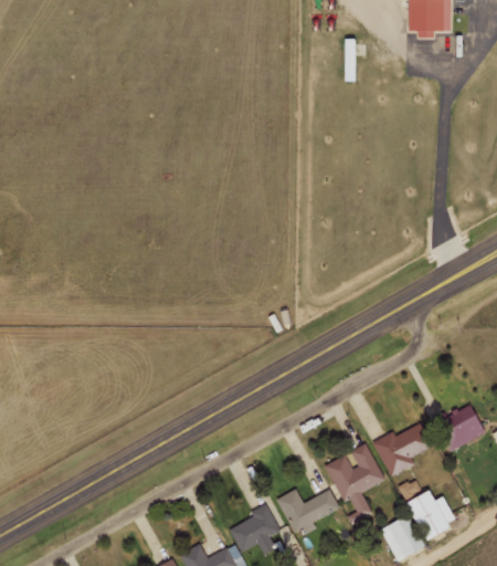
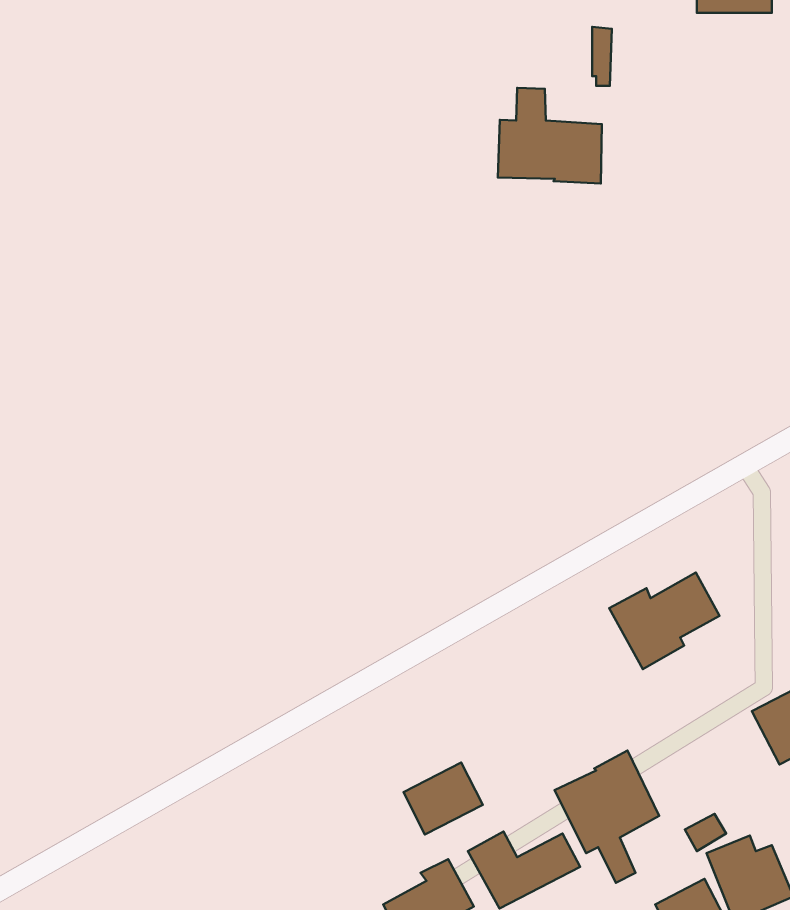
building: none -> [498,88,602,183]
building: [372,422,434,476] -> [609,573,720,669]
building: none -> [403,762,483,835]

